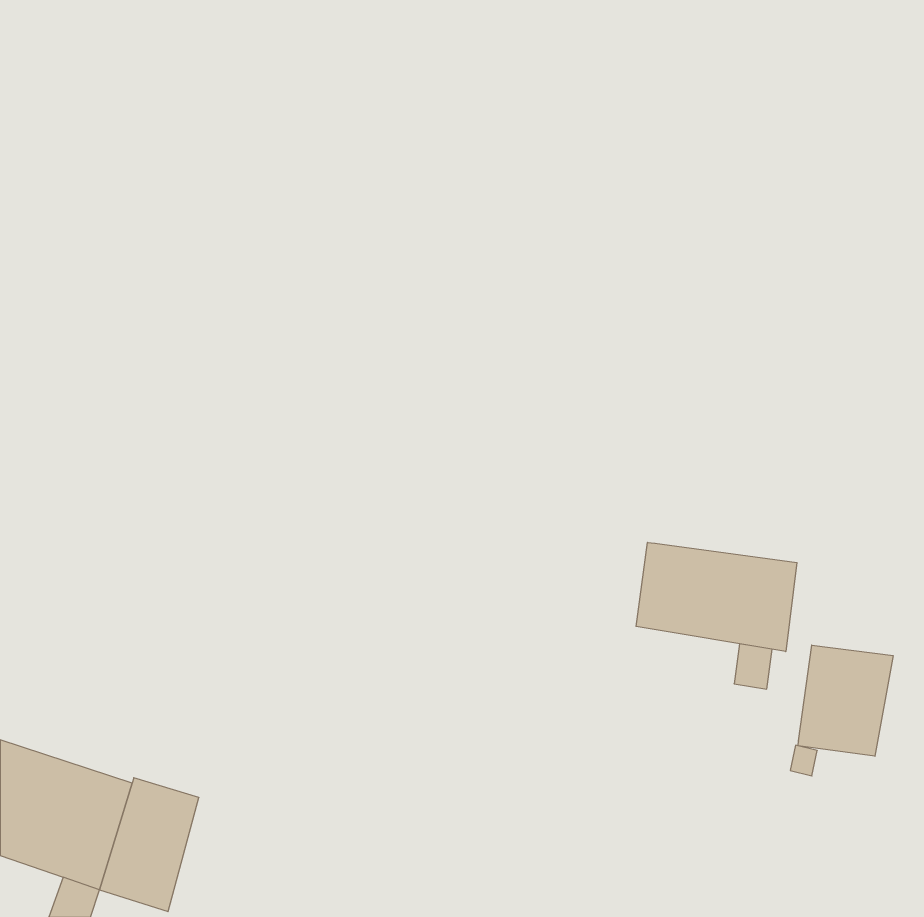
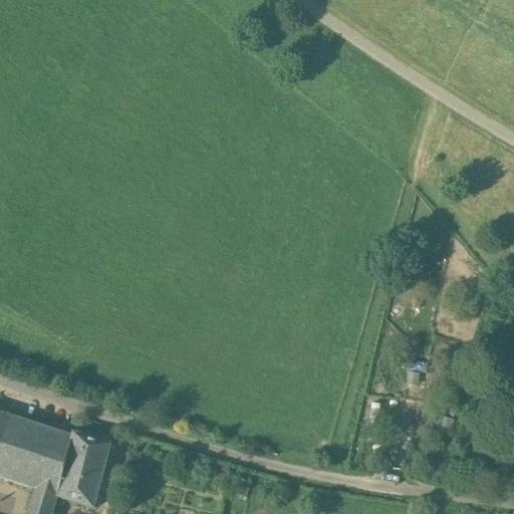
building: [636,542,797,652] -> none
building: [798,645,893,756] -> none

